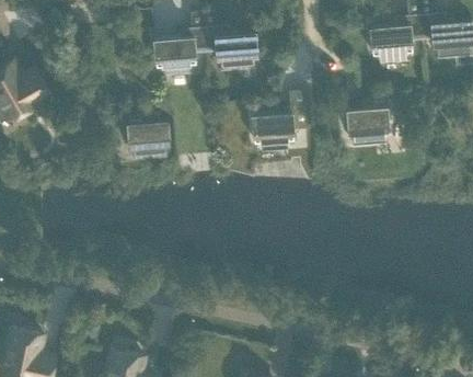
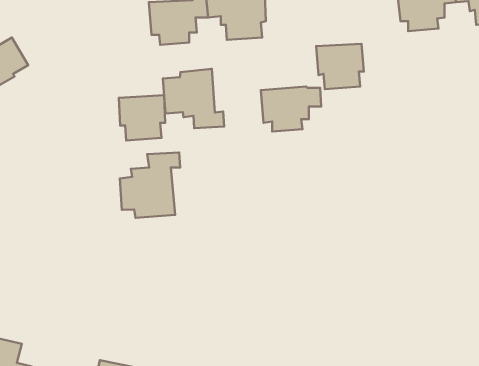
building: none -> [163,69,224,128]
building: [346,105,388,145] -> [316,44,364,89]
building: none -> [120,152,180,218]

